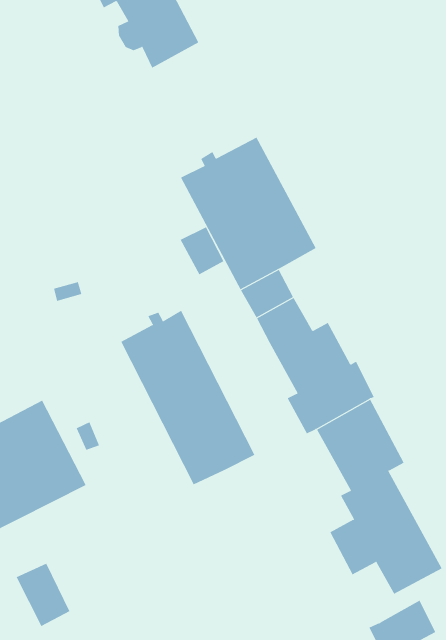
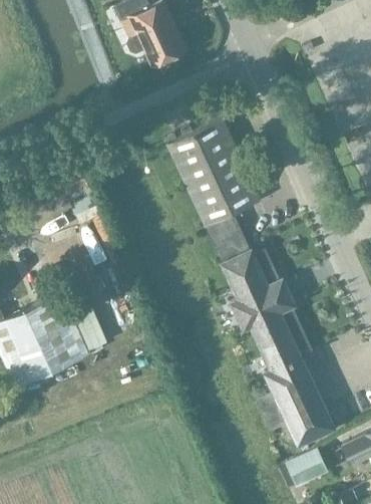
building: [180,227,224,275] -> none
building: [120,310,255,485] -> none
building: [16,563,70,627] -> none

